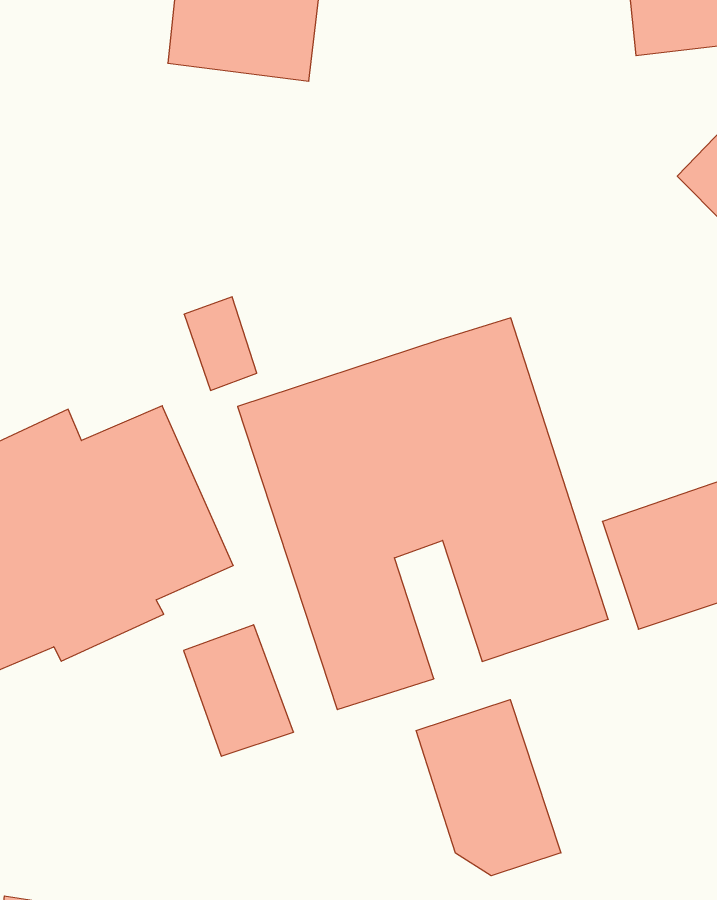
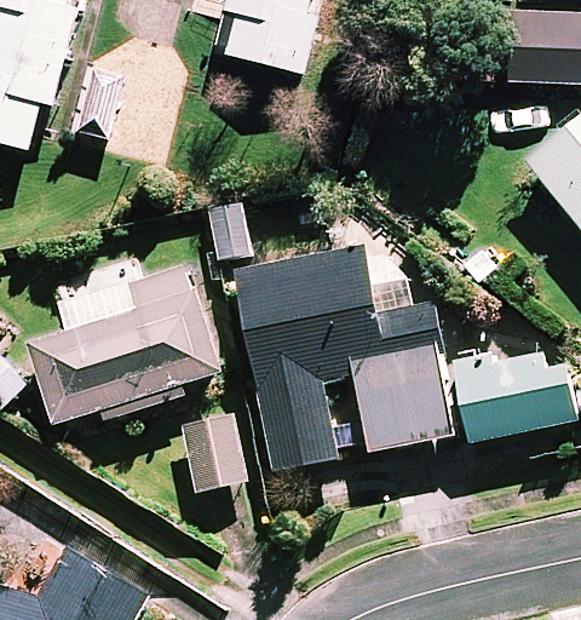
building: [416,700,561,876] -> none

